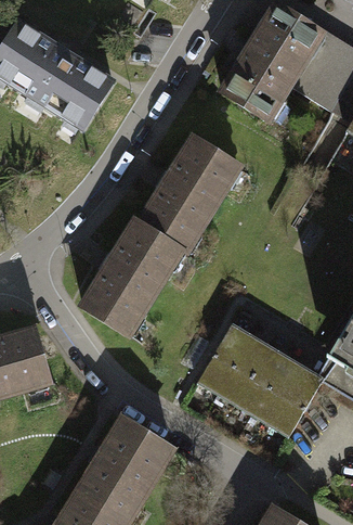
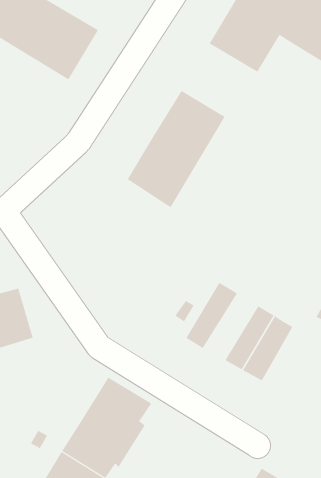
building: [84,223,179,336] -> none
building: [215,337,269,402] -> none
building: [273,370,324,436] -> none

